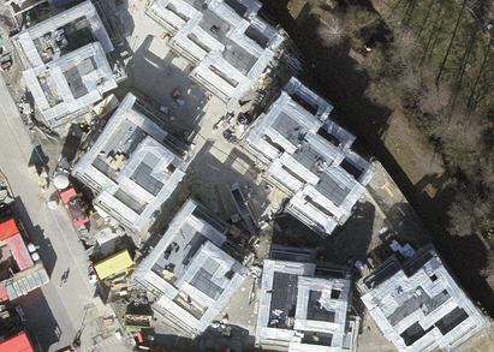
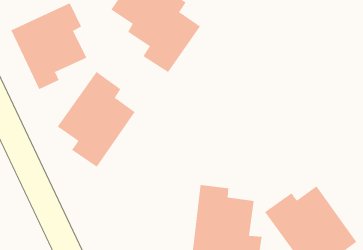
building: [245,83,367,235] -> none
building: [137,204,243,334] -> none

